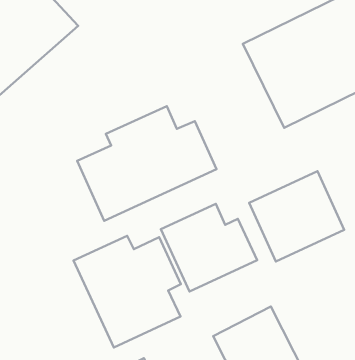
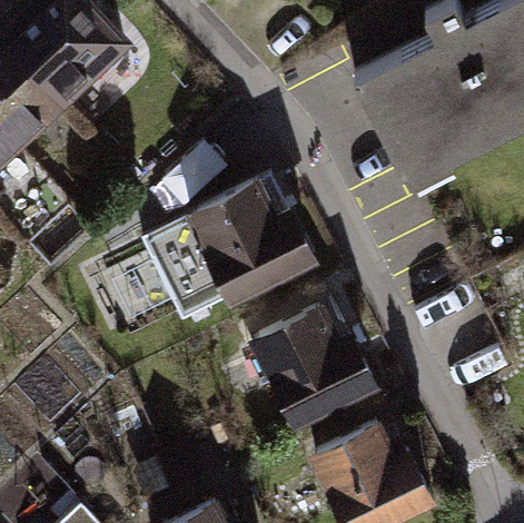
building: [249,171,344,261] -> none
building: [74,236,181,348] -> none

